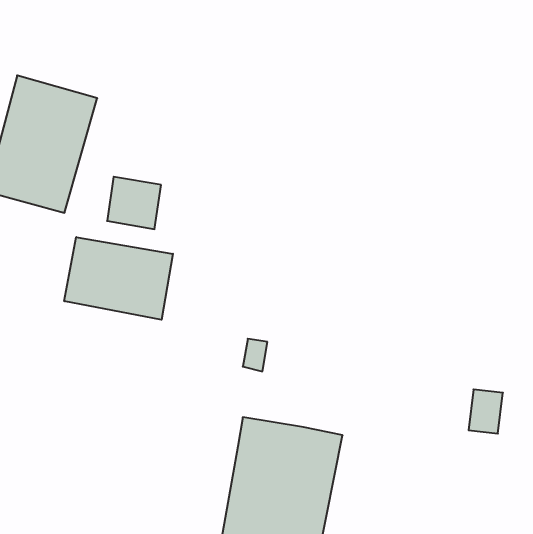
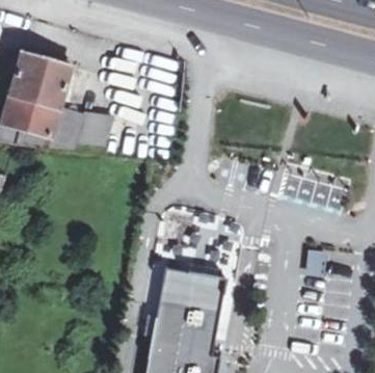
building: [64,237,173,320] -> none

